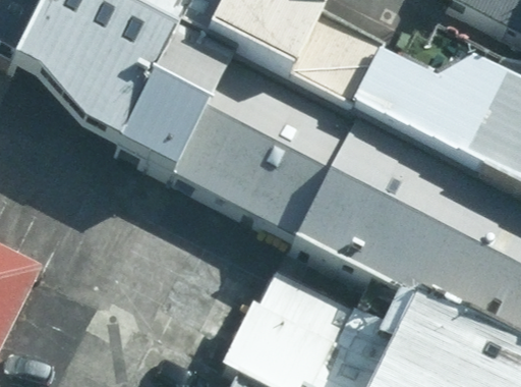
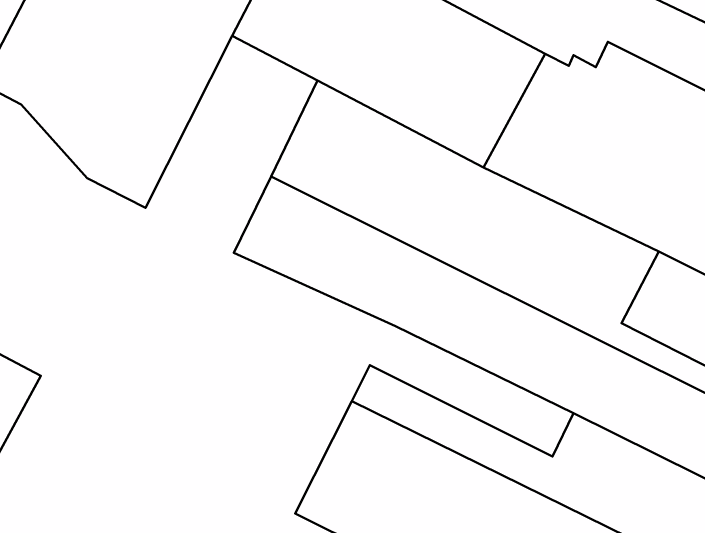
building: [125,41,242,188] -> none

